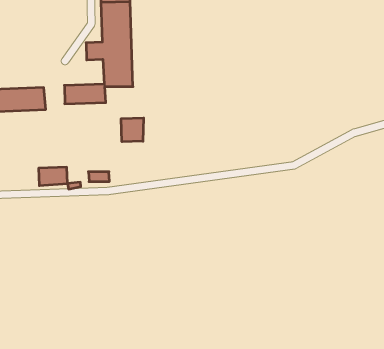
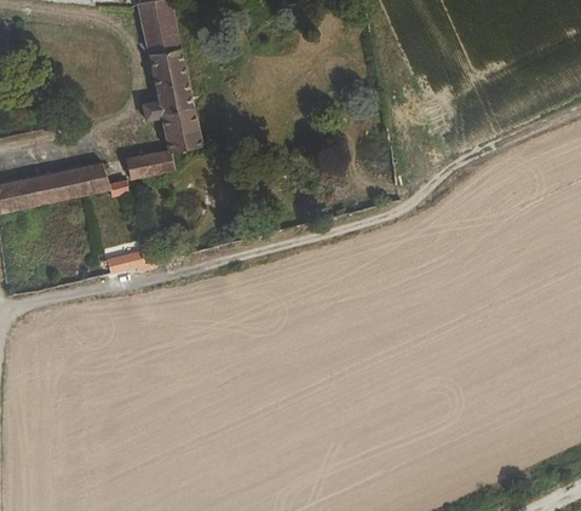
building: [121,118,144,142] -> none

